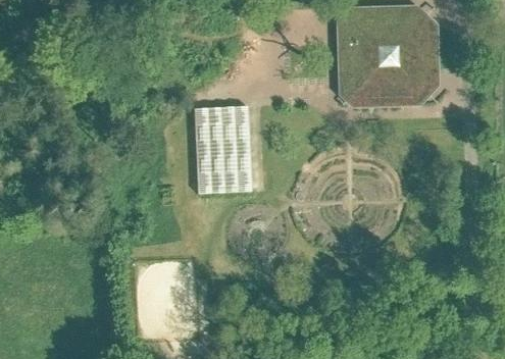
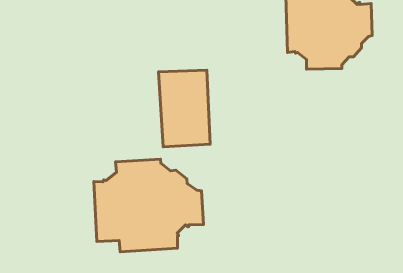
building: none -> [94,159,203,252]

